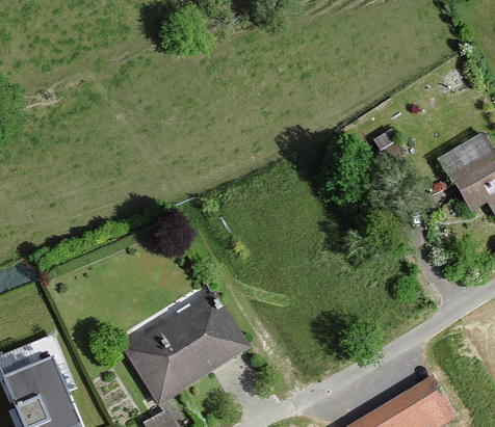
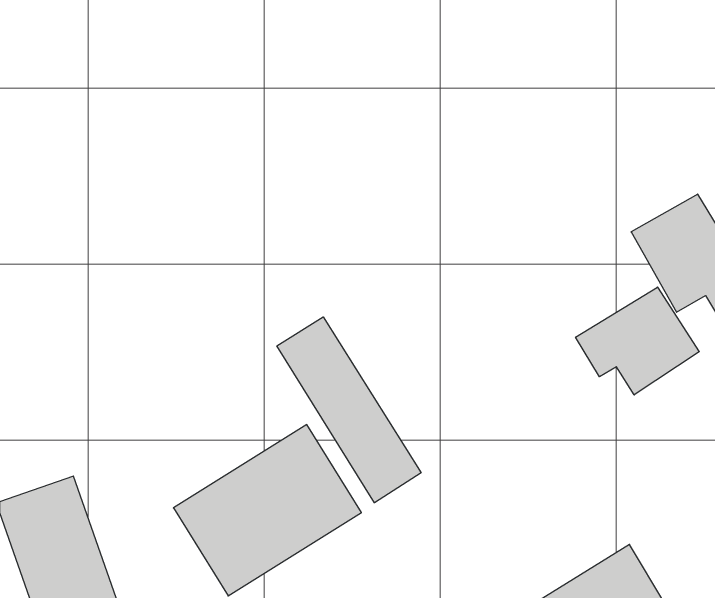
building: none -> [576,287,699,395]
building: none -> [277,317,421,503]

